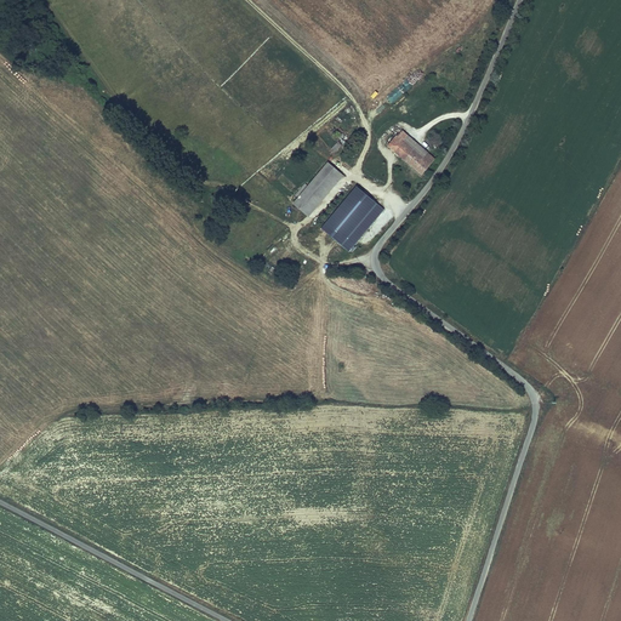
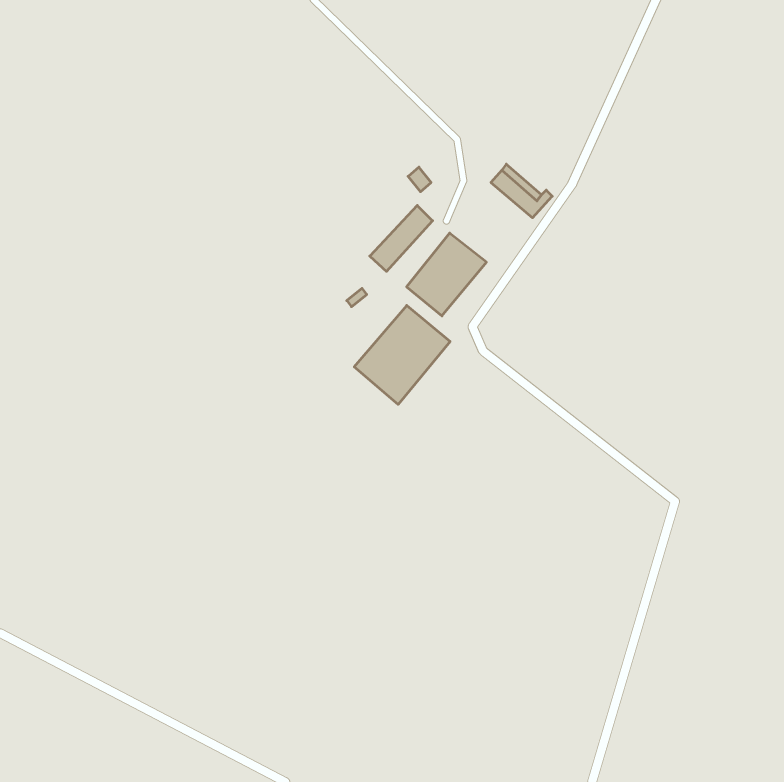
building: none -> [354,305,450,404]

